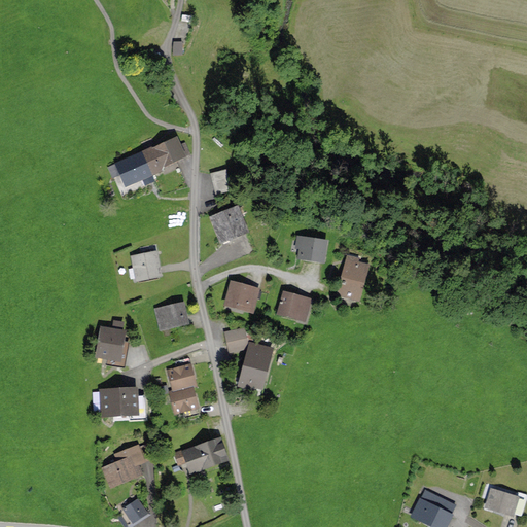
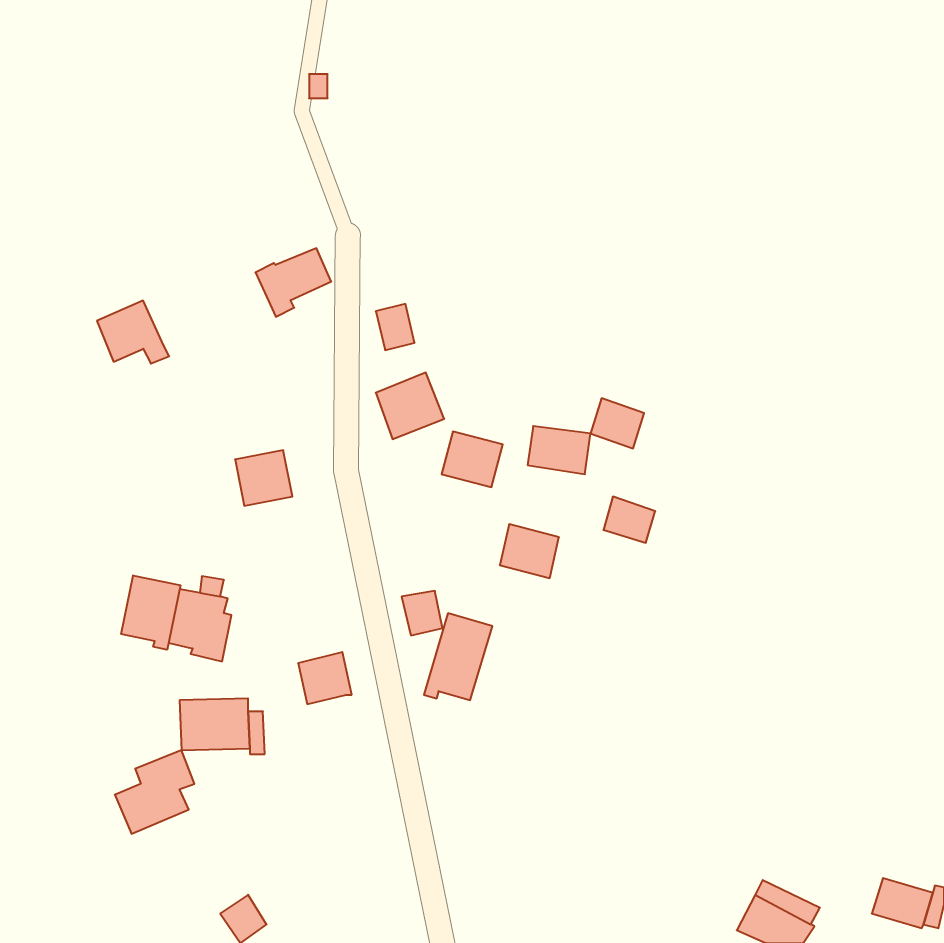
building: [116,151,156,186] -> [97,301,169,364]
building: [341,256,371,284] -> [590,398,644,448]
building: [224,281,258,312] -> [442,432,503,487]
building: [153,302,188,331] -> none
building: none -> [121,575,180,650]
building: [168,386,198,415] -> none
building: [180,437,227,476] -> none
building: [101,444,145,490] -> [115,750,194,834]

